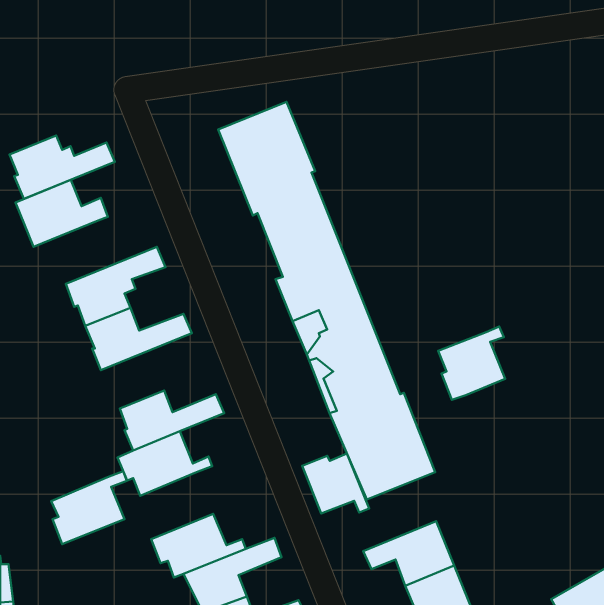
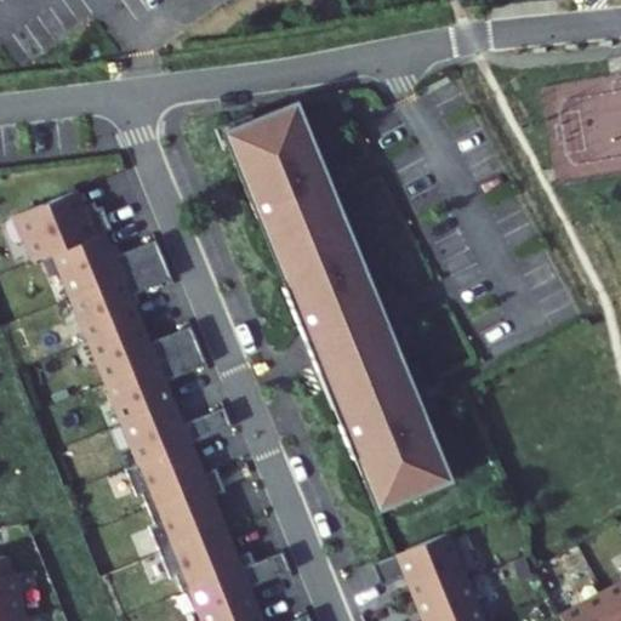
building: [9,135,115,199] -> [61,230,167,295]
building: [438,326,505,400] -> none
building: none -> [110,344,210,421]
building: [302,454,369,514] -> none
building: [51,471,127,544] -> [150,479,227,553]

